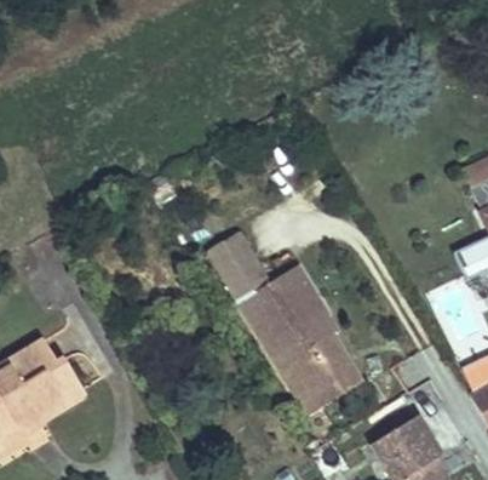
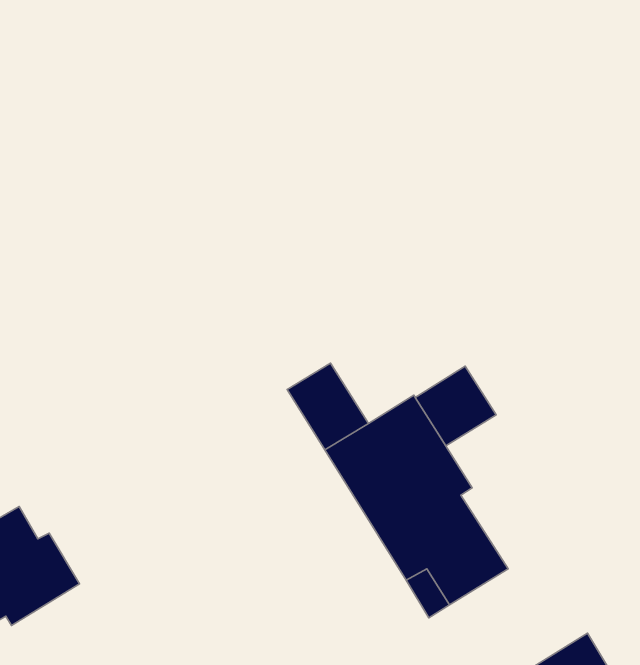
building: none -> [415,366,496,446]

